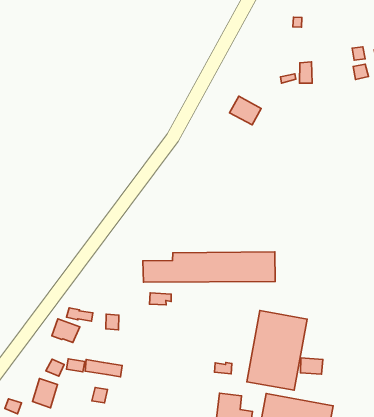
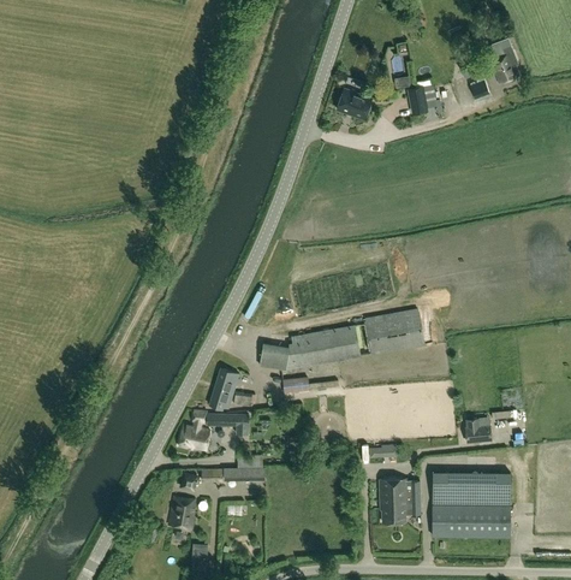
building: [230,96,261,125] -> [337,89,371,119]
building: none -> [209,369,239,409]
building: [247,311,307,390] -> none

